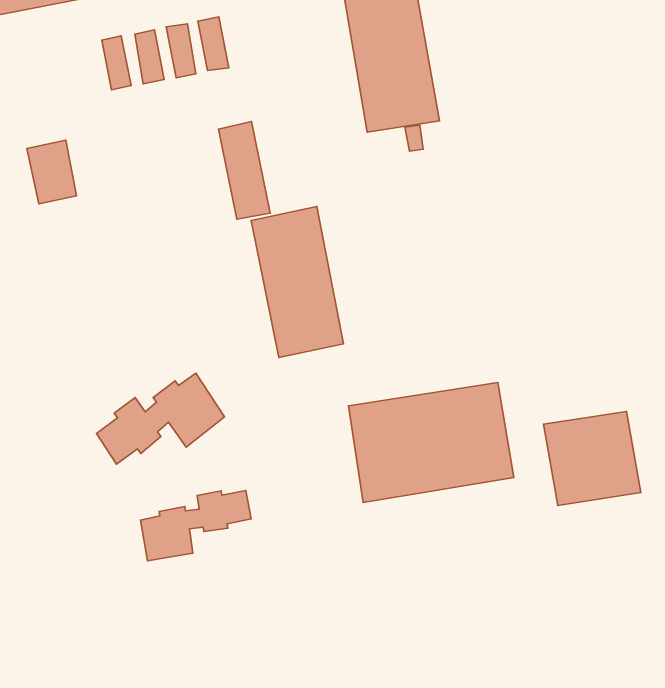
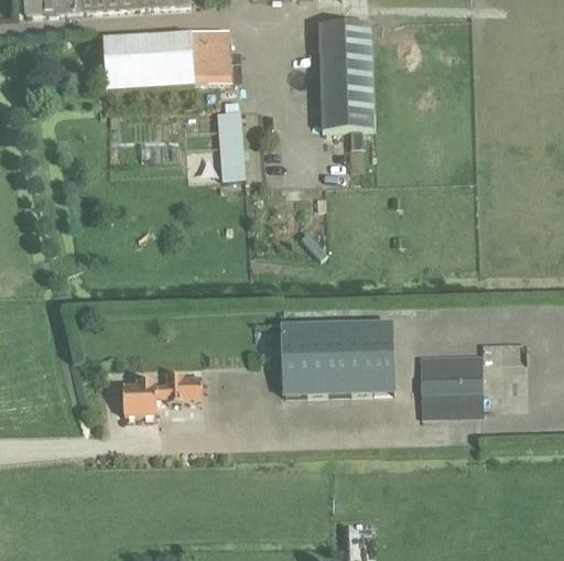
building: [27,140,76,204] -> [95,42,126,85]
building: [251,206,343,358] -> none
building: [97,373,225,464] -> none

